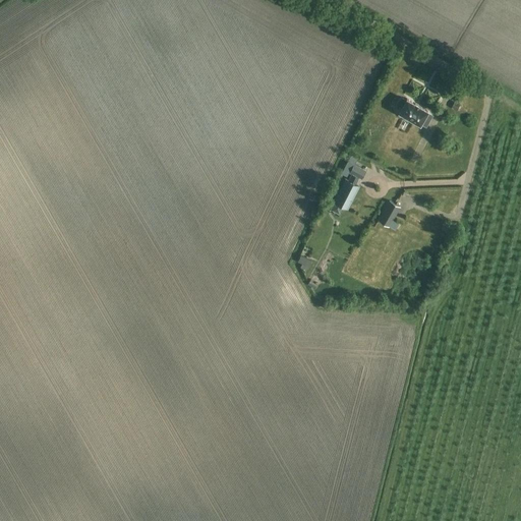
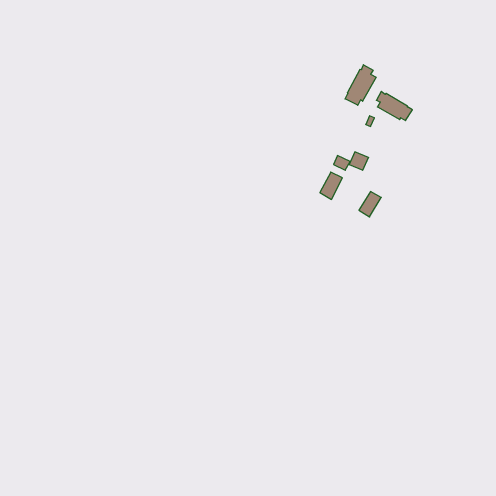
building: none -> [345,65,376,105]

